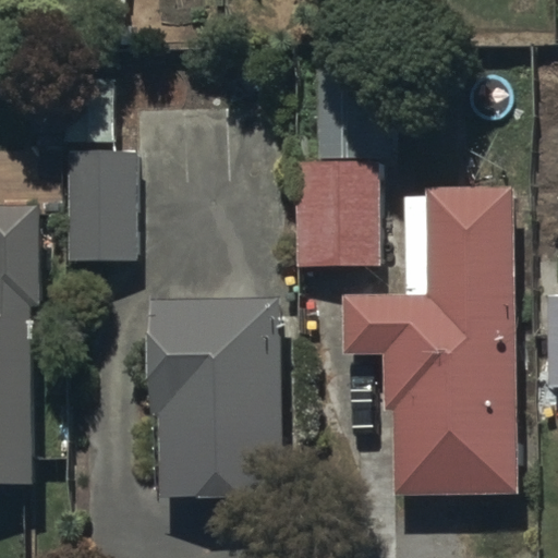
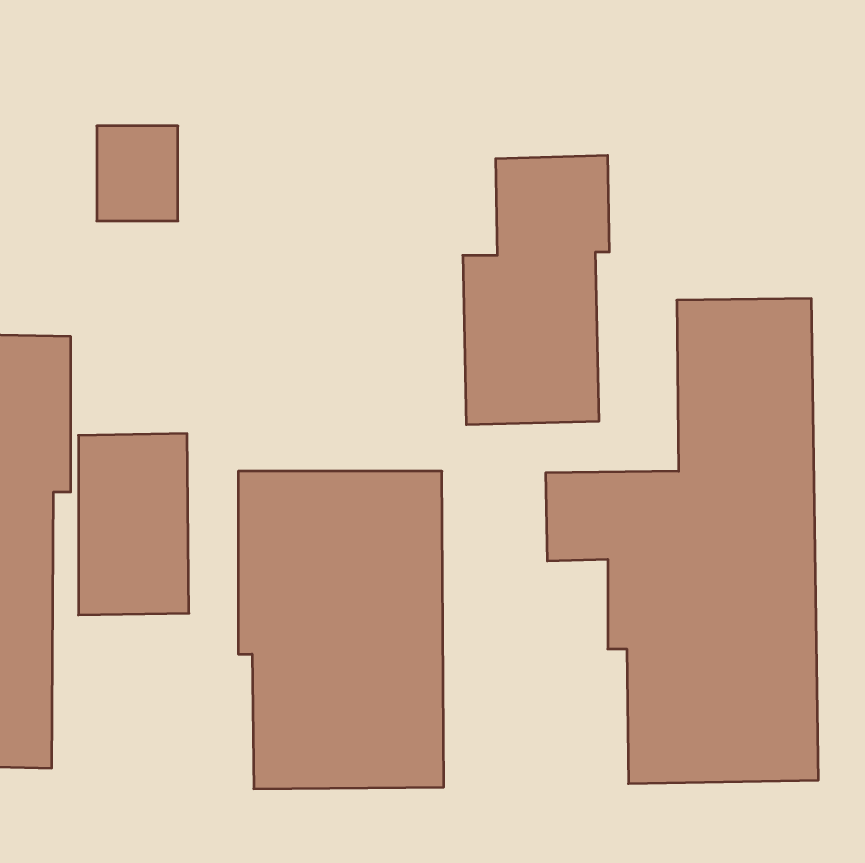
building: [64,147,134,262] -> [78,434,189,615]

